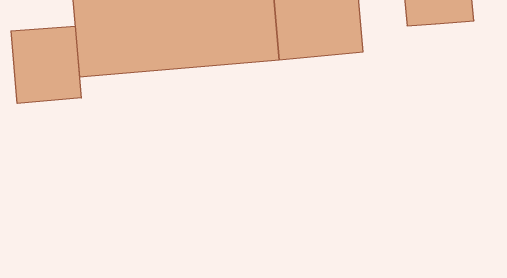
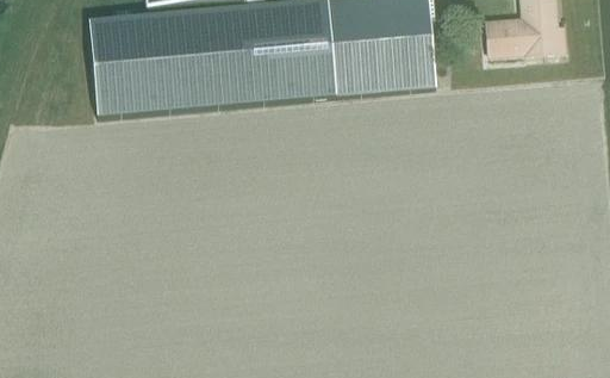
building: [11,26,81,103] -> none

